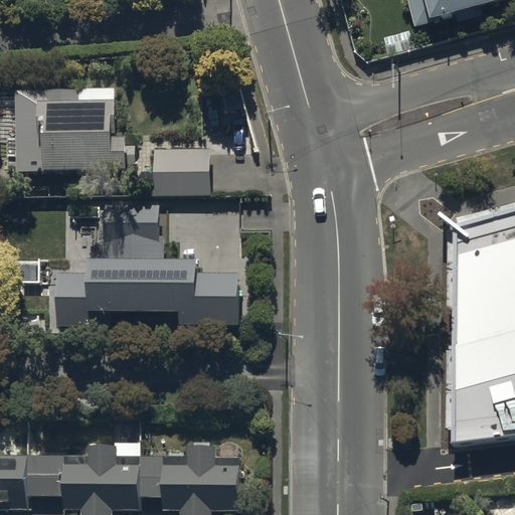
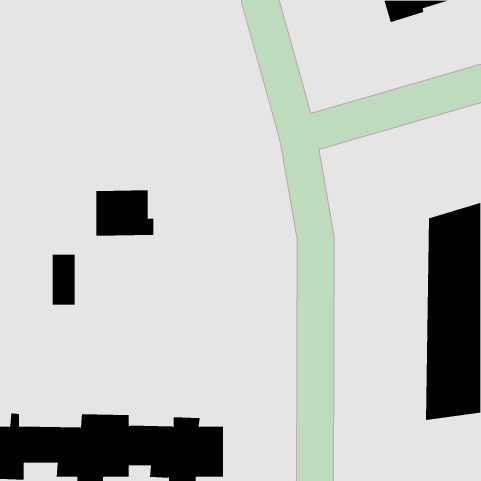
building: [14,90,135,171] -> none
building: [153,150,212,197] -> none
building: [85,256,238,331] -> none

